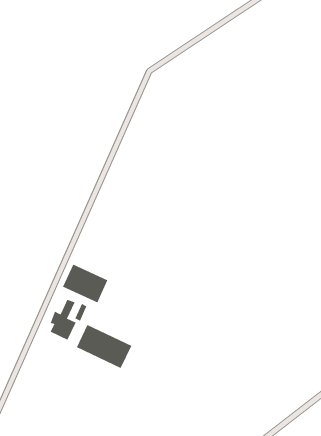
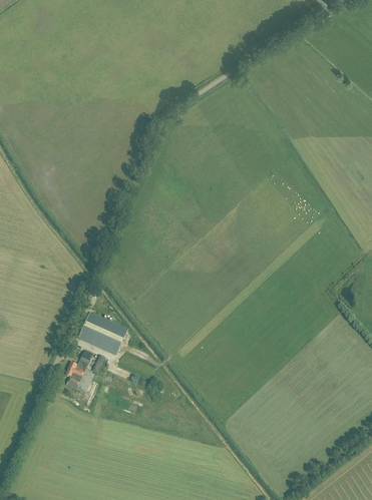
building: [76,324,132,369] -> none

